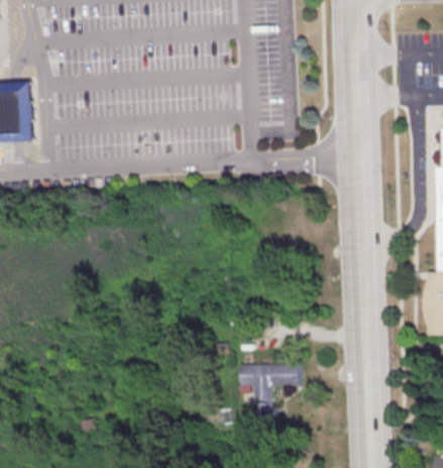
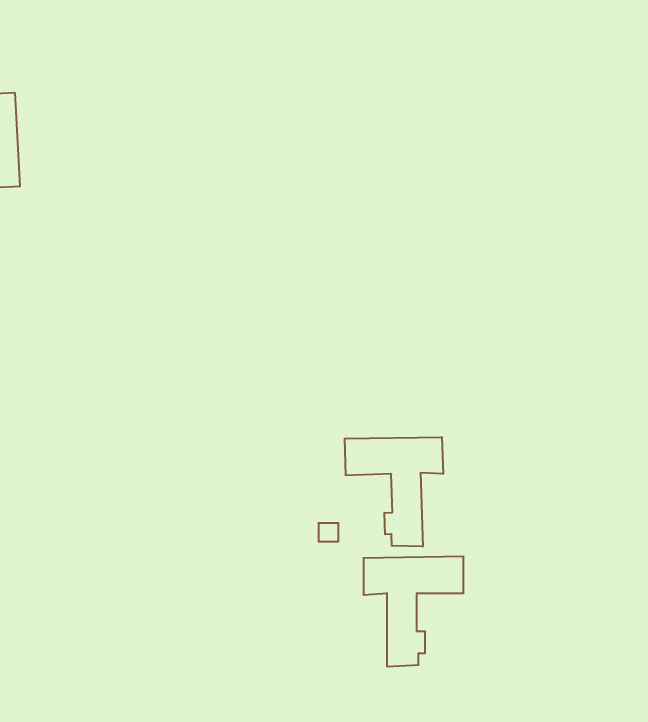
building: none -> [345,437,443,547]

